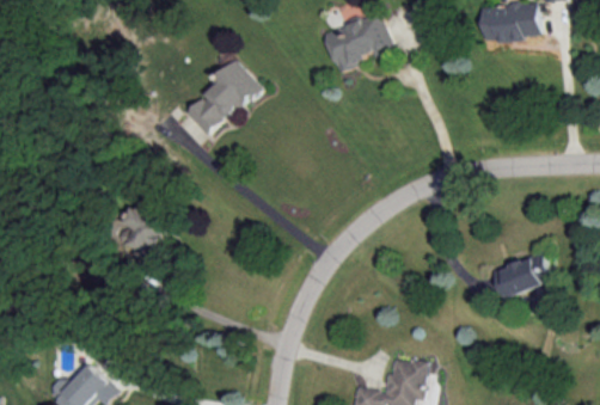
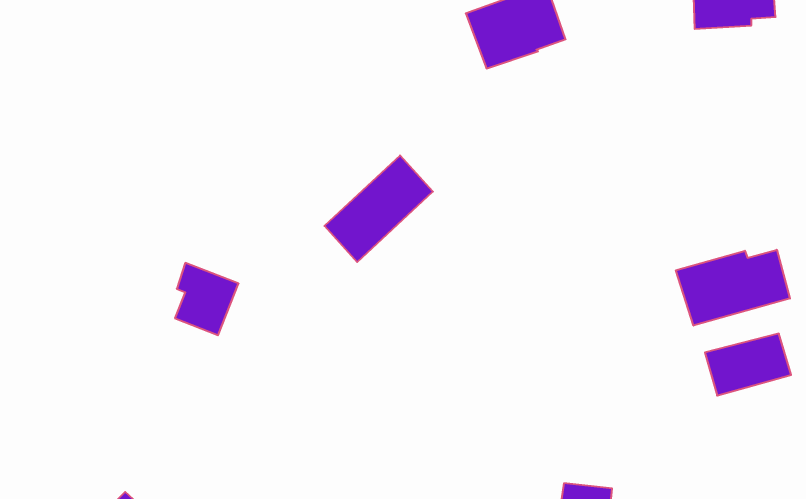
building: [184,62,259,136] -> [324,155,433,262]
building: none -> [676,250,790,326]

